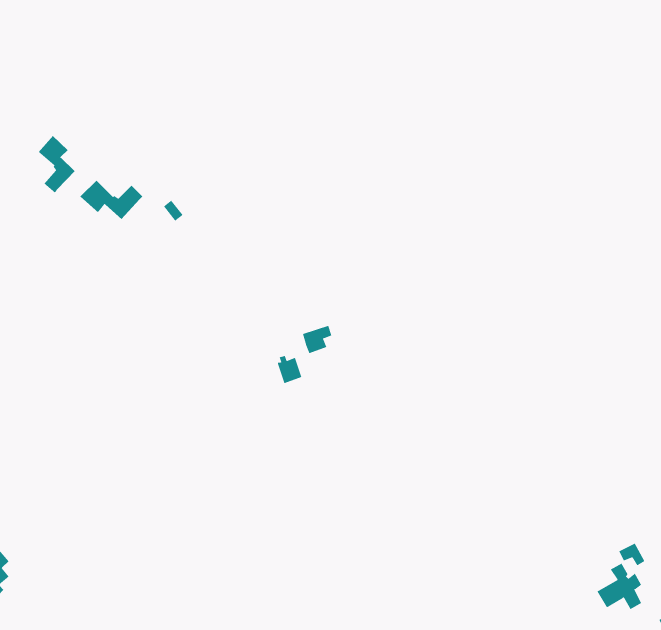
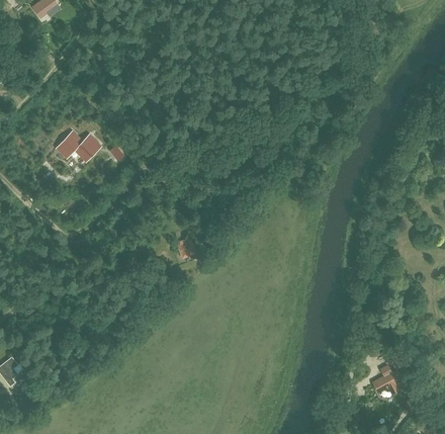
building: [38,135,75,193] -> none

